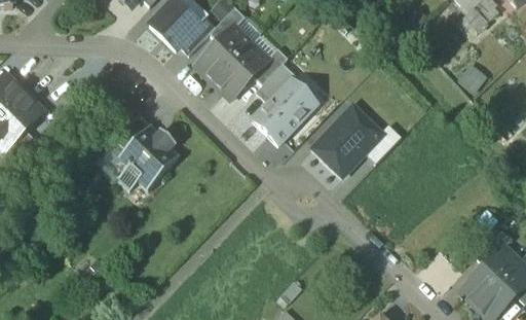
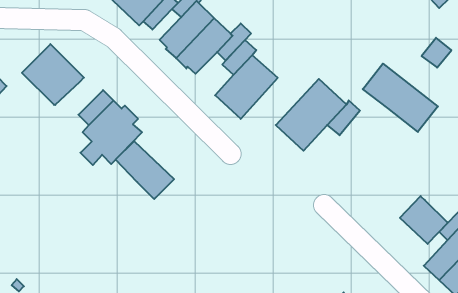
building: none -> [22,44,84,105]
building: none -> [363,64,438,132]
building: none -> [116,141,174,199]
building: none -> [400,196,447,244]

